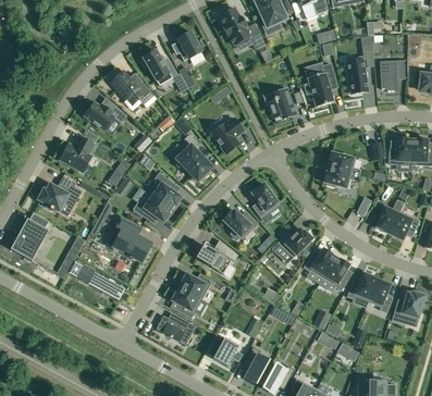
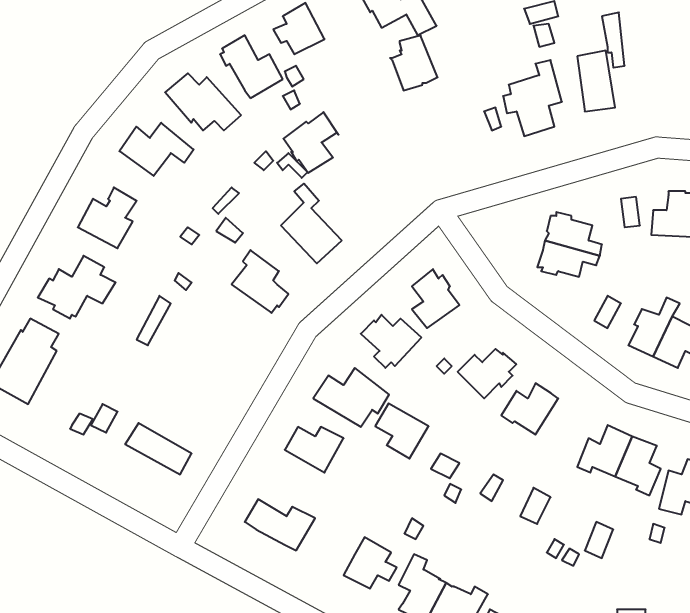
building: [380,60,405,90] -> none
building: [268,89,295,121] -> [390,35,438,90]
building: [211,117,243,152] -> [283,112,339,173]
building: [133,191,171,221] -> none
building: [115,218,150,260] -> none
building: [322,257,349,290] -> none
building: [171,286,201,318] -> [375,403,429,459]

